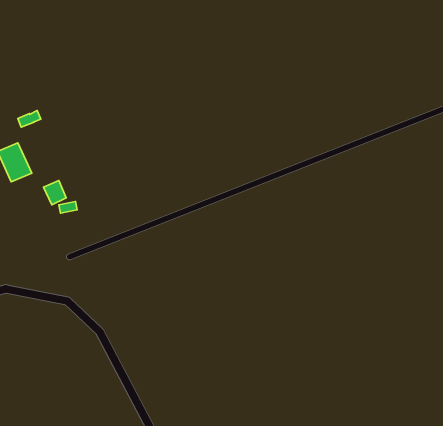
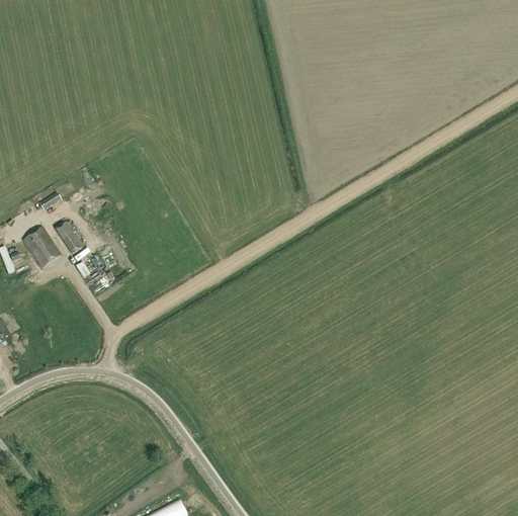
building: none -> [55,221,83,253]

